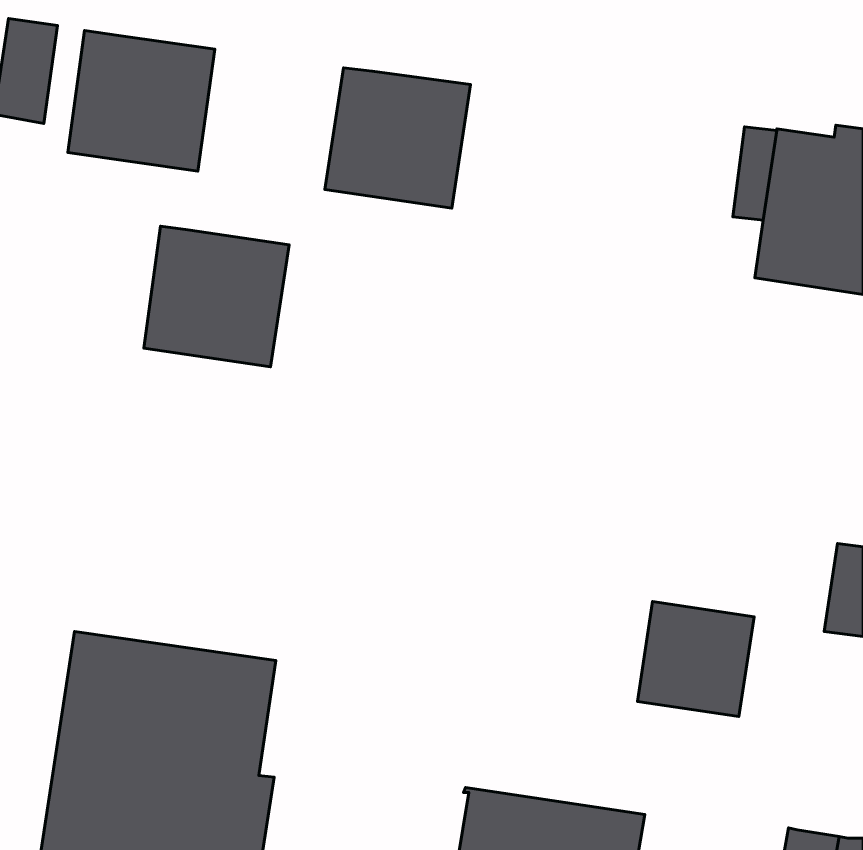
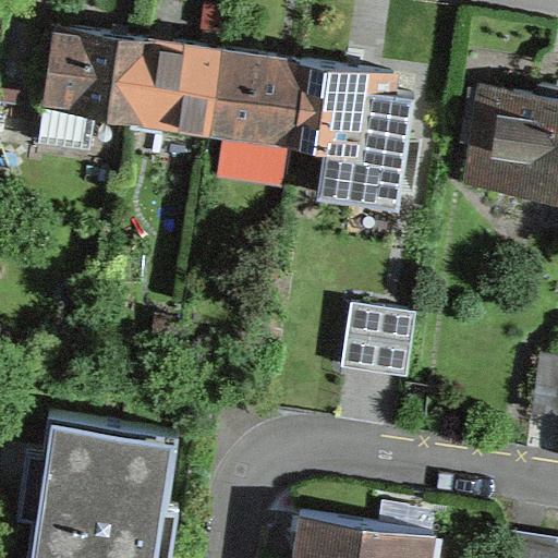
building: none -> [291,64,413,211]
building: [144,226,289,367] -> [128,41,221,132]
building: [637,601,754,717] -> [340,306,415,380]

